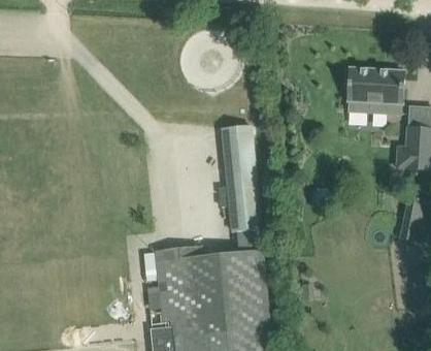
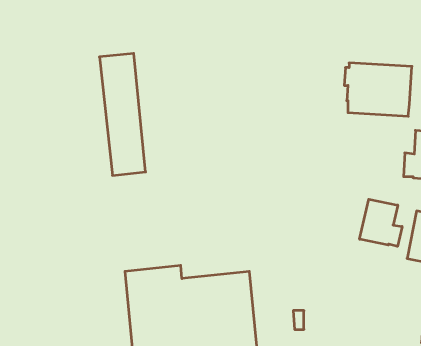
building: [220,125,260,231] -> [99,53,146,175]
building: none -> [360,199,402,246]

